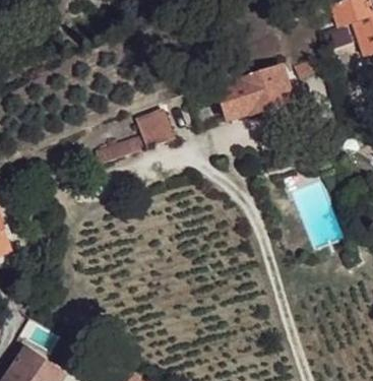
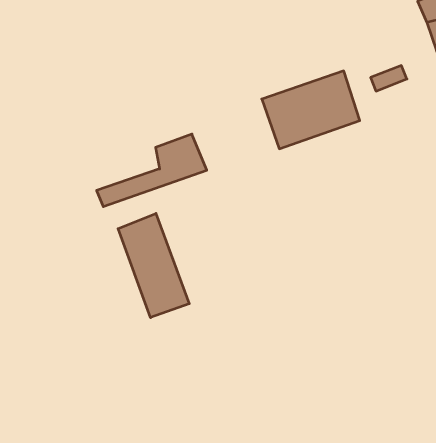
building: none -> [118,213,189,318]

